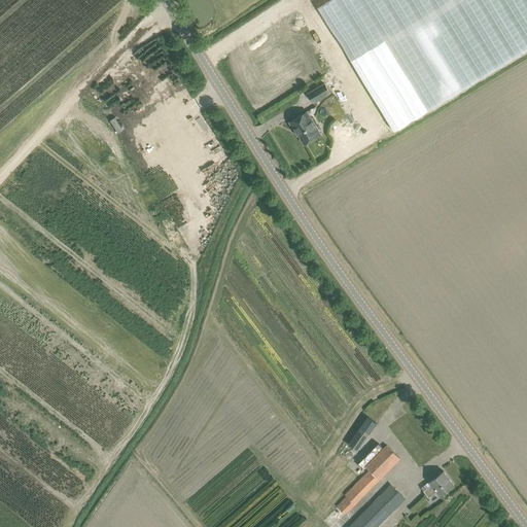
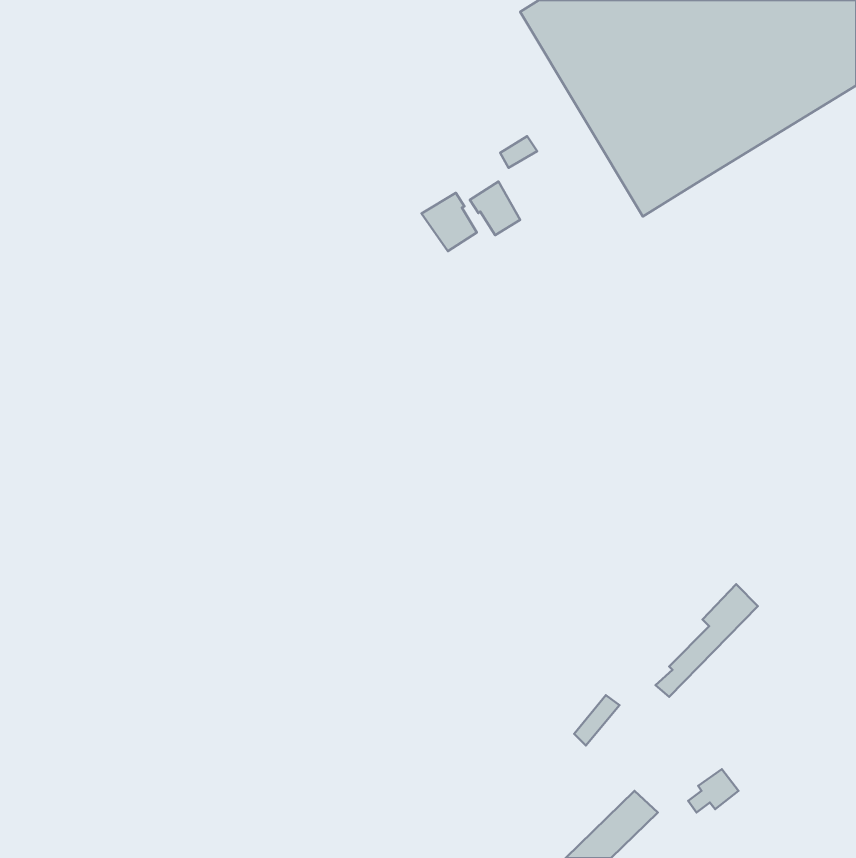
building: none -> [421,193,477,251]
building: [336,445,398,514] -> [656,584,758,697]

